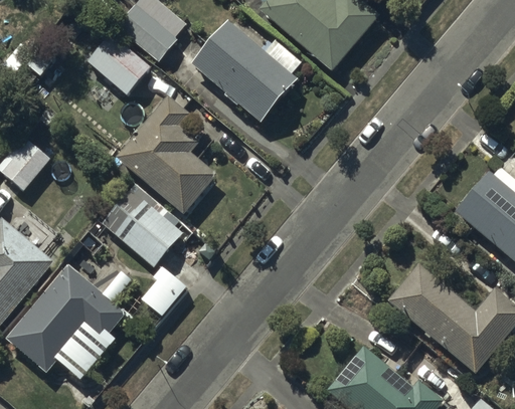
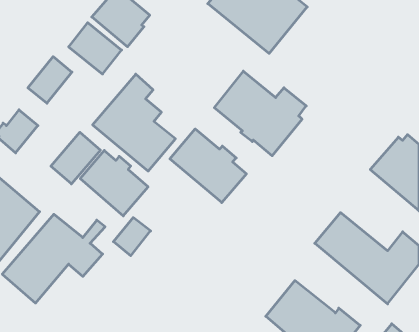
building: [189,20,301,123] -> [214,71,306,156]
building: none -> [28,57,72,103]
building: none -> [170,129,246,203]
building: none -> [51,132,100,184]

